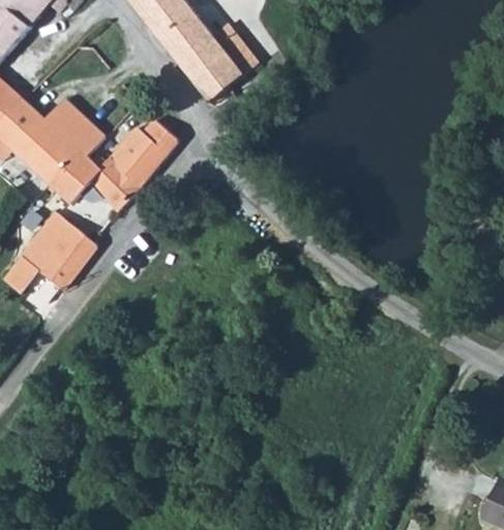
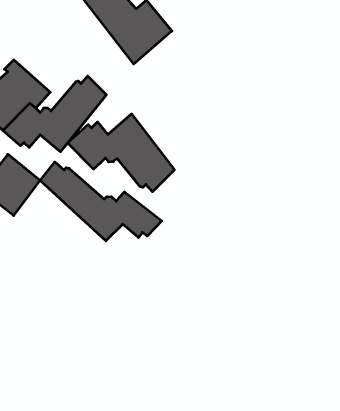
building: none -> [68,114,174,192]
building: none -> [40,162,162,241]

